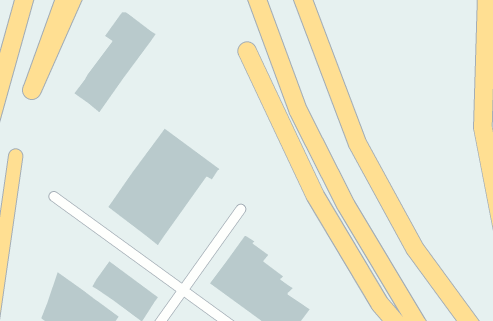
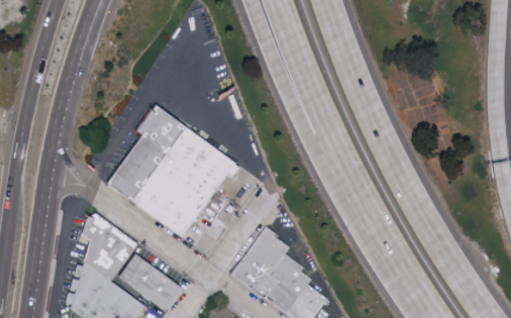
building: [73,12,157,114] -> [108,105,188,202]
building: none -> [82,216,138,281]

